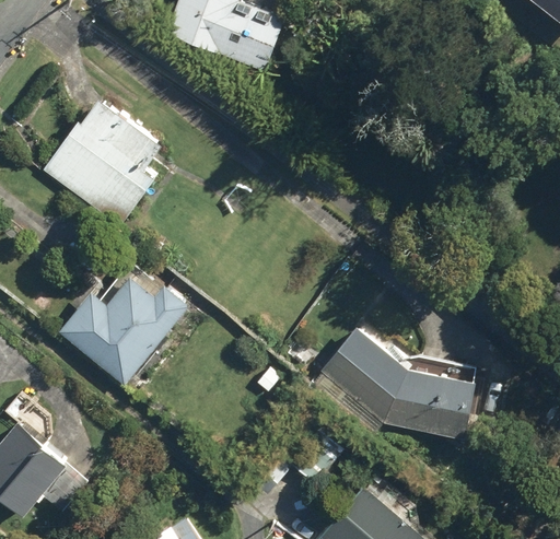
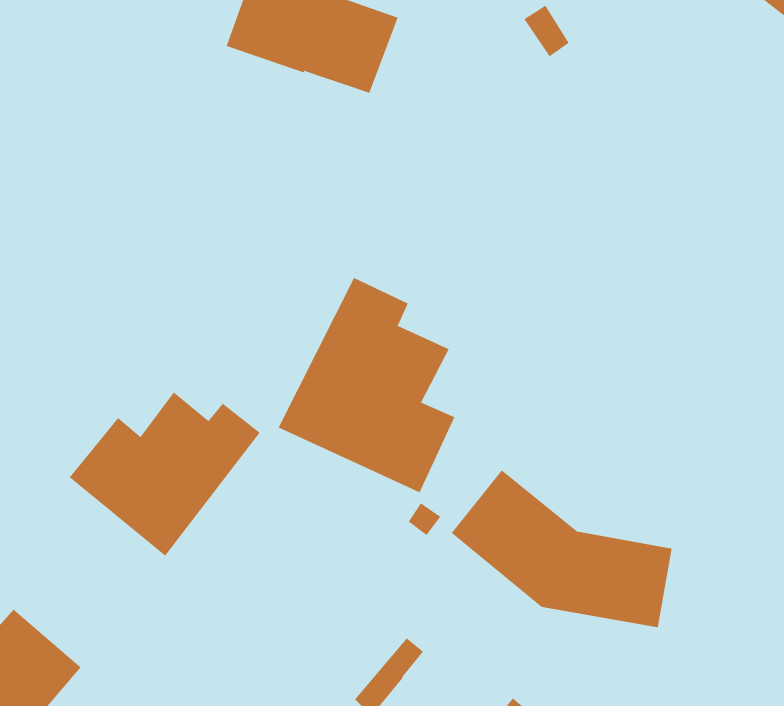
building: [43,97,161,226] -> none
building: none -> [278,277,455,493]

